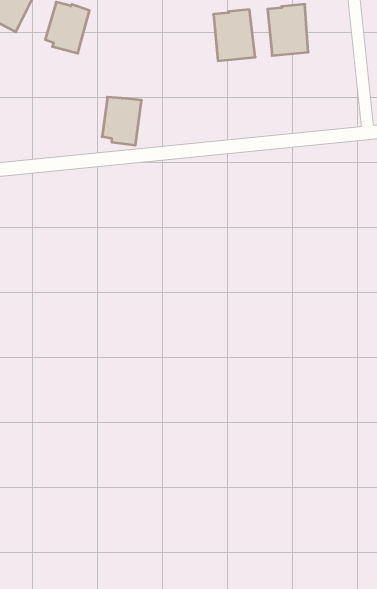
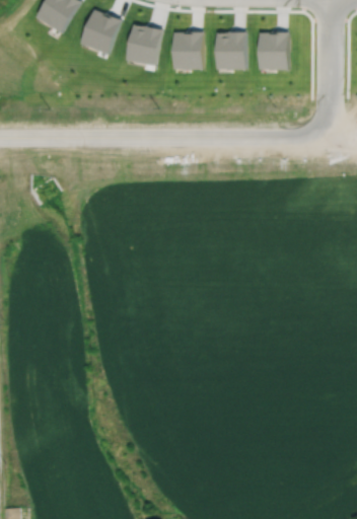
building: none -> [174,31,204,69]
building: [102,97,142,145] -> [129,25,162,65]

